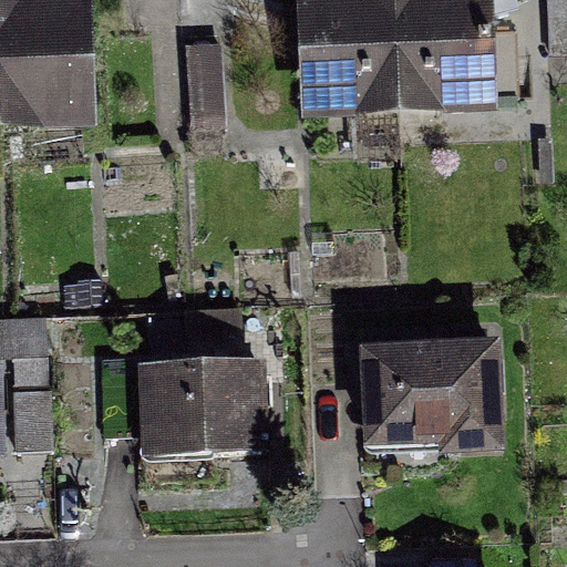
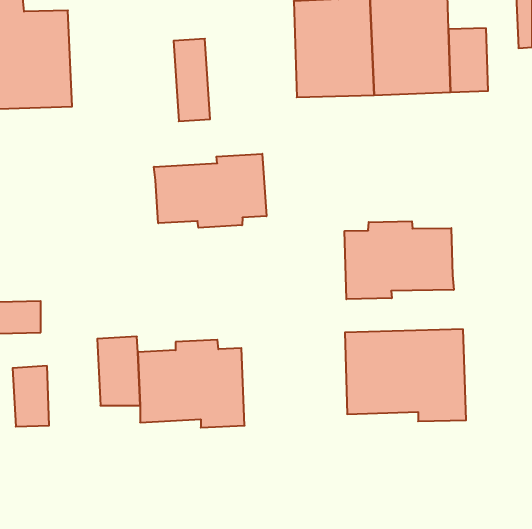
building: none -> [154,154,266,228]
building: none -> [345,221,454,299]

